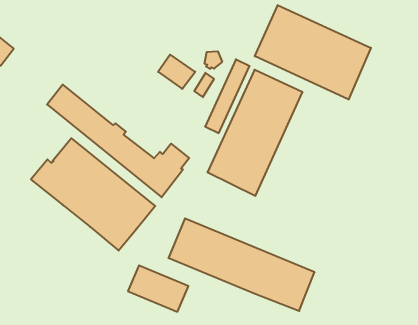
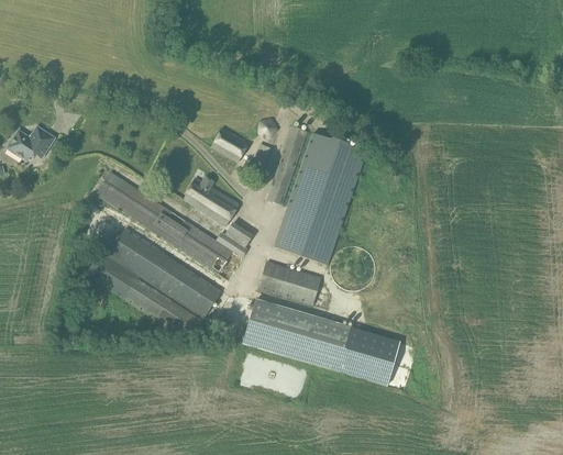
building: [255,5,371,100] -> none
building: none -> [184,176,239,225]
building: [128,265,188,312] -> [257,259,321,304]

